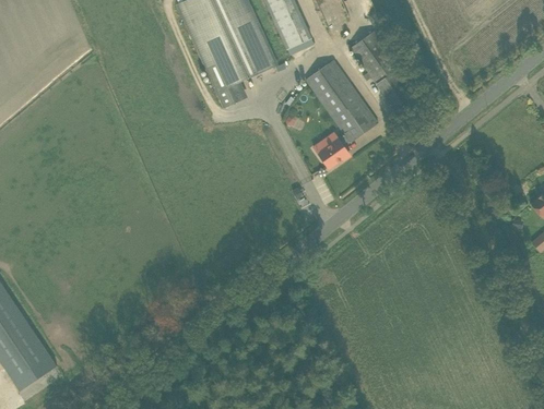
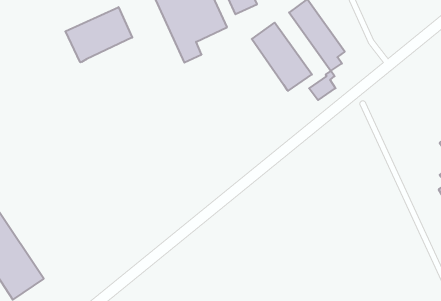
building: none -> [65,7,132,62]
building: [318,133,350,168] -> [309,71,336,100]

